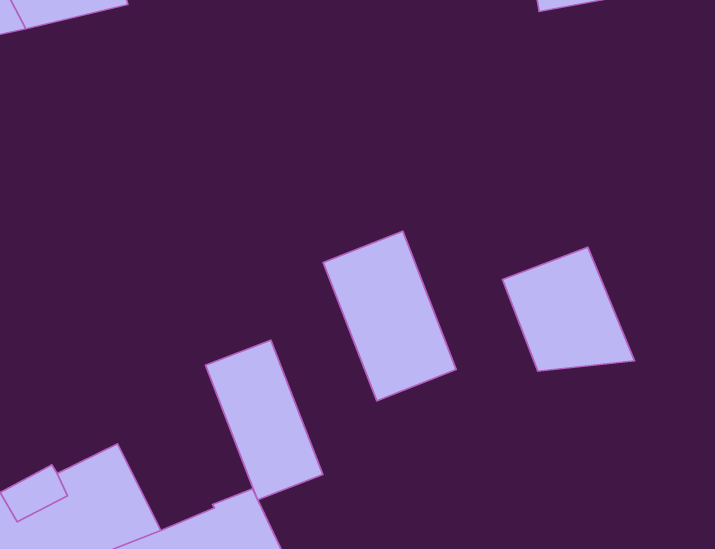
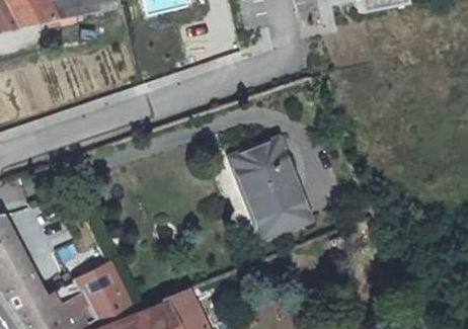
building: [502,247,634,371] -> none
building: [205,340,323,500] -> none

